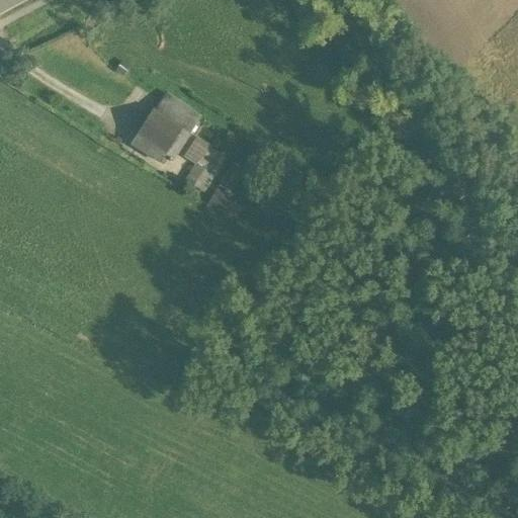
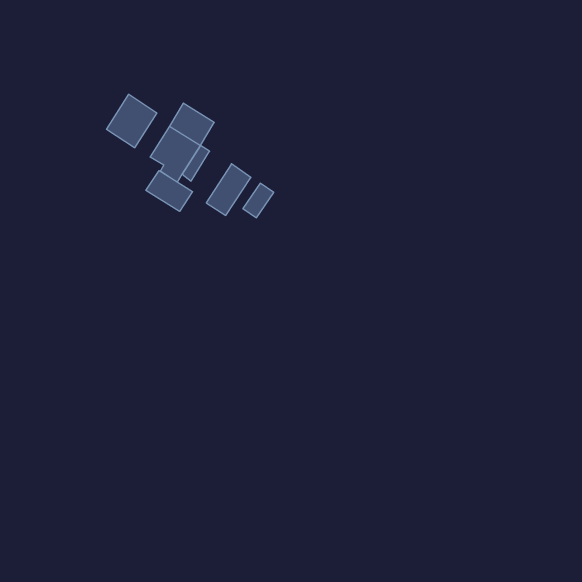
building: none -> [107,94,157,148]
building: none -> [146,171,193,211]

